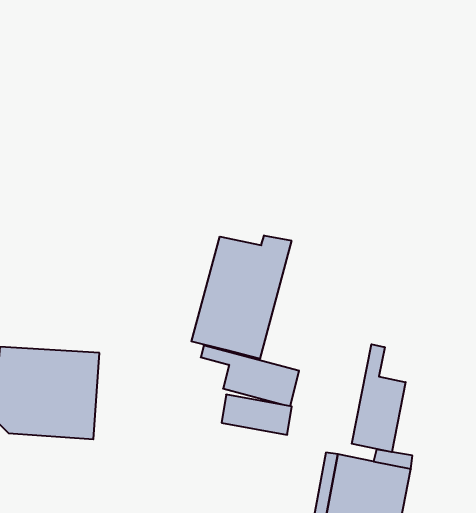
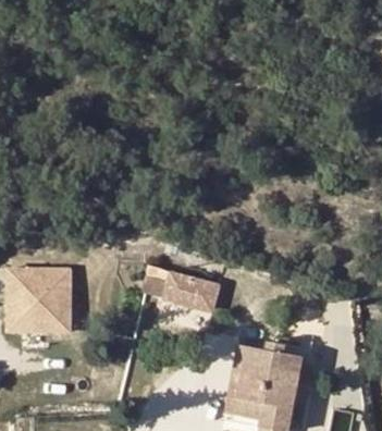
building: [191,235,291,359] -> none
building: [352,344,406,452] -> none

